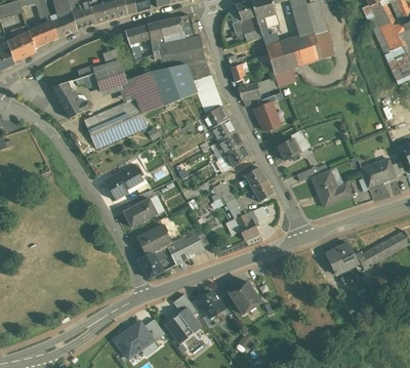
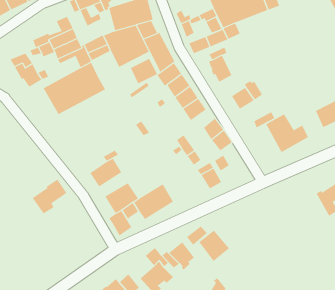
building: [136,88,164,114] -> [130,58,158,84]
building: [106,164,142,199] -> [32,179,67,214]
building: [326,242,359,274] -> none

